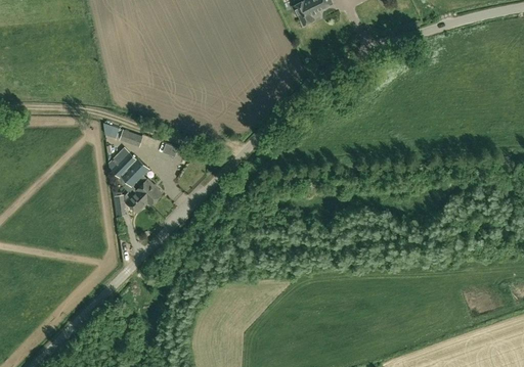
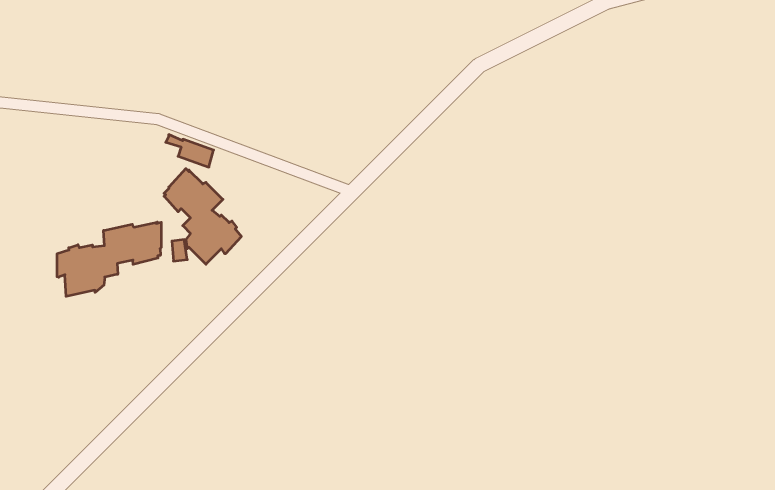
building: none -> [57,222,161,296]

